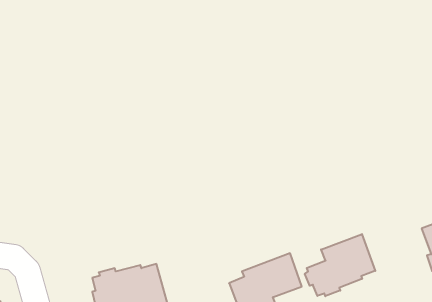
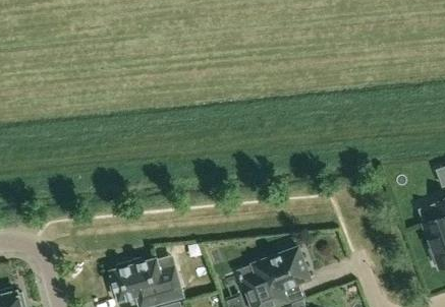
building: [305,234,375,296] -> none

